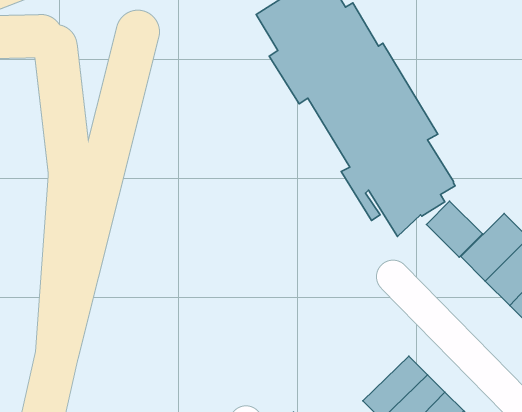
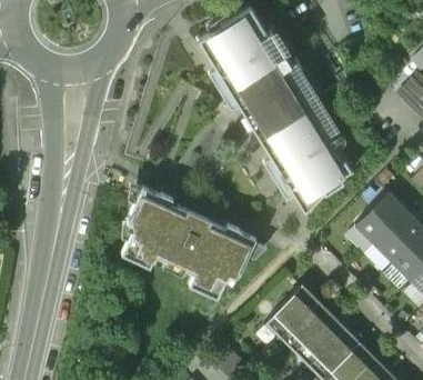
building: [426,201,482,257] -> none
building: none -> [121,184,256,298]
building: none -> [265,287,315,336]

